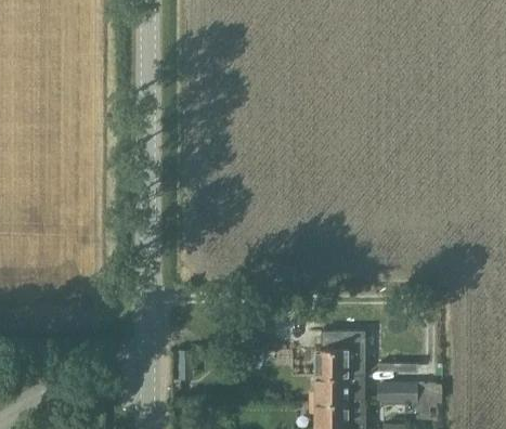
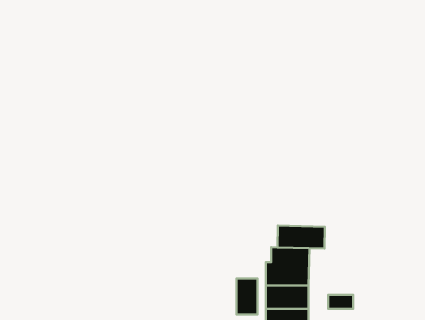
building: none -> [277,226,325,249]
building: none -> [236,278,257,315]

